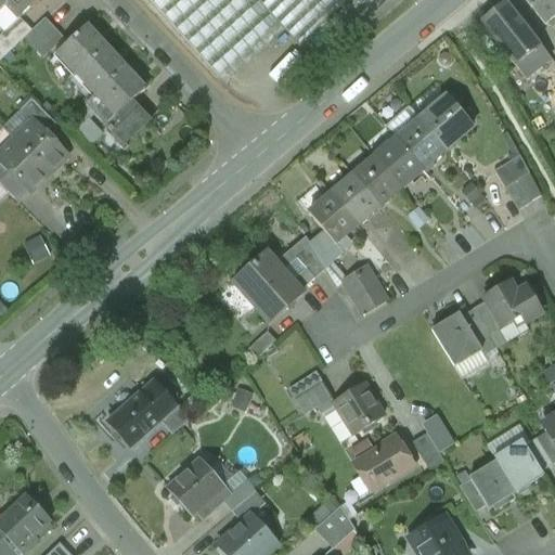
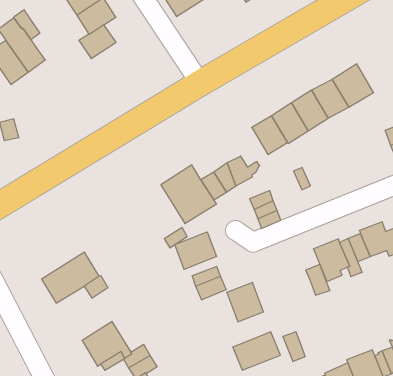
building: [309,193,357,242] -> none
building: none -> [175,232,216,269]
building: [421,412,454,450] -> [306,265,330,295]

